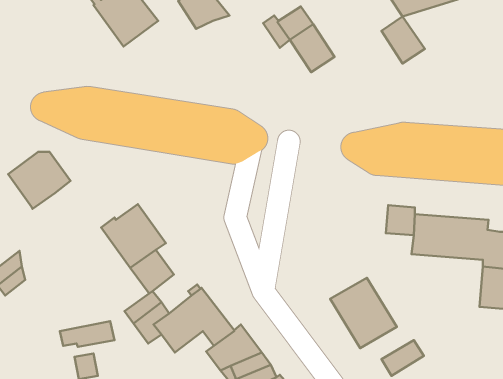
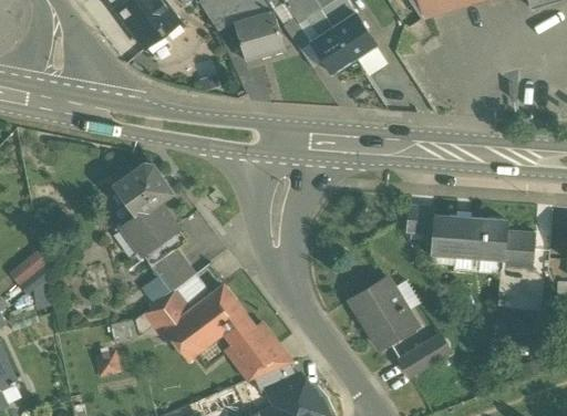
building: none -> [234,10,285,61]
building: [381,16,425,63] -> [333,11,377,58]
building: [8,152,71,209] -> [113,163,175,219]

